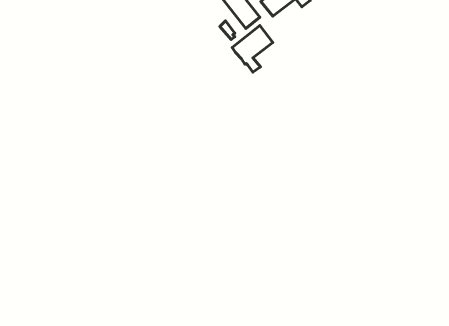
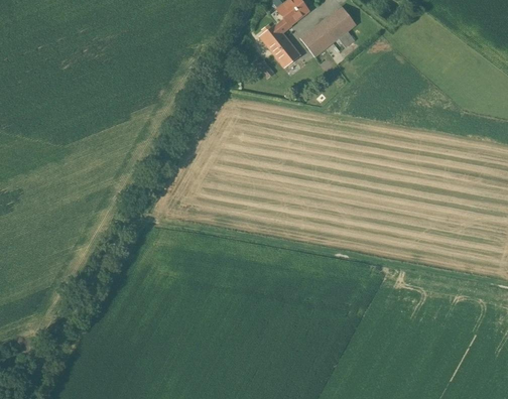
building: [232,26,273,72] -> none

